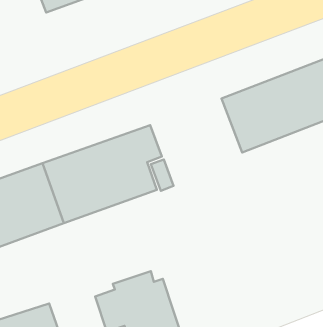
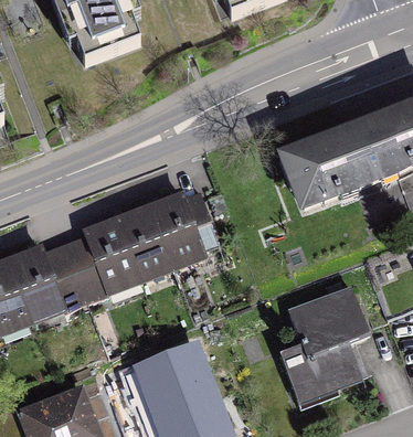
building: none -> [283,283,374,404]

